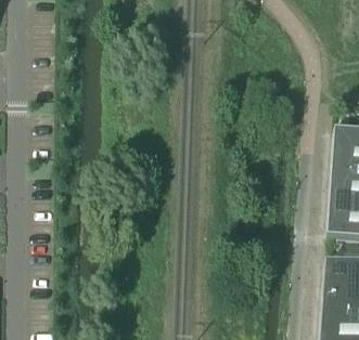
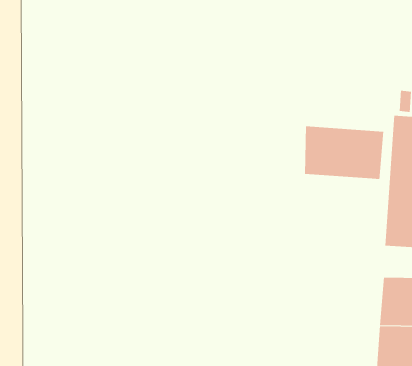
building: none -> [304,126,384,180]

